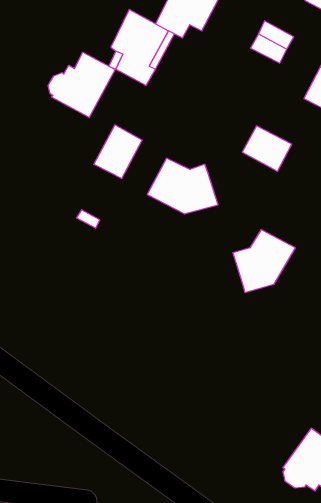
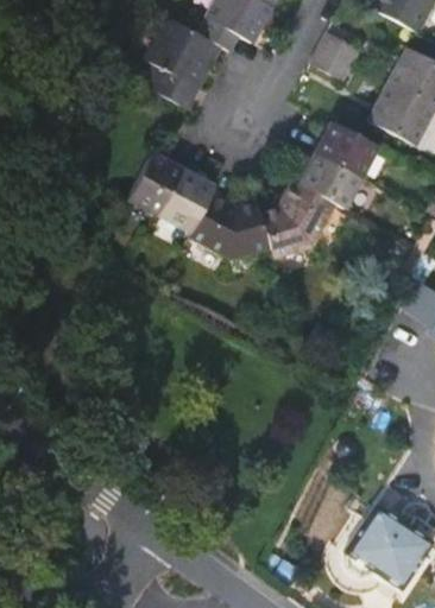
building: [48,52,115,118] -> none
building: none -> [316,121,374,175]
building: none -> [158,170,214,232]
building: [233,230,295,292] -> [259,180,333,254]

